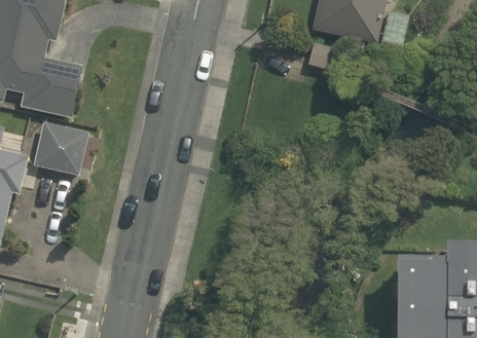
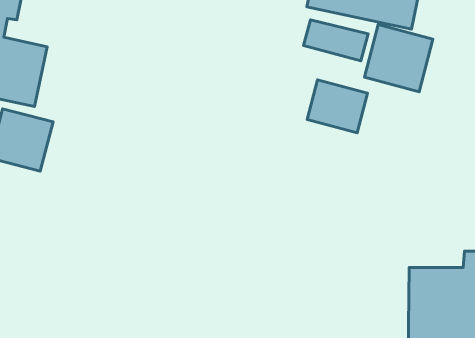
building: none -> [364,24,433,92]
building: none -> [307,80,367,133]

